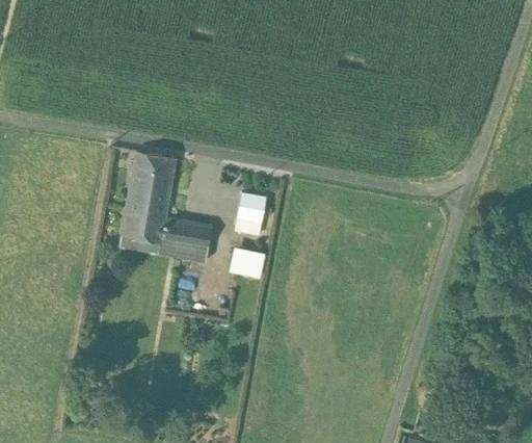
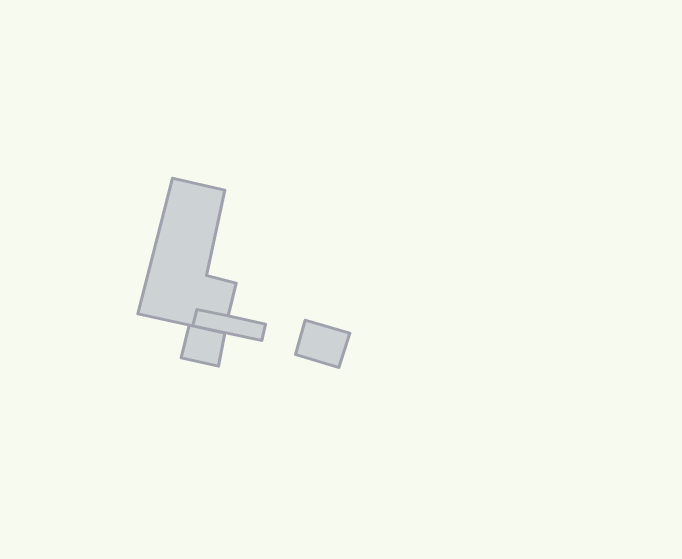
building: [237,192,265,220] -> none
building: [181,223,210,250] -> [181,325,225,366]

